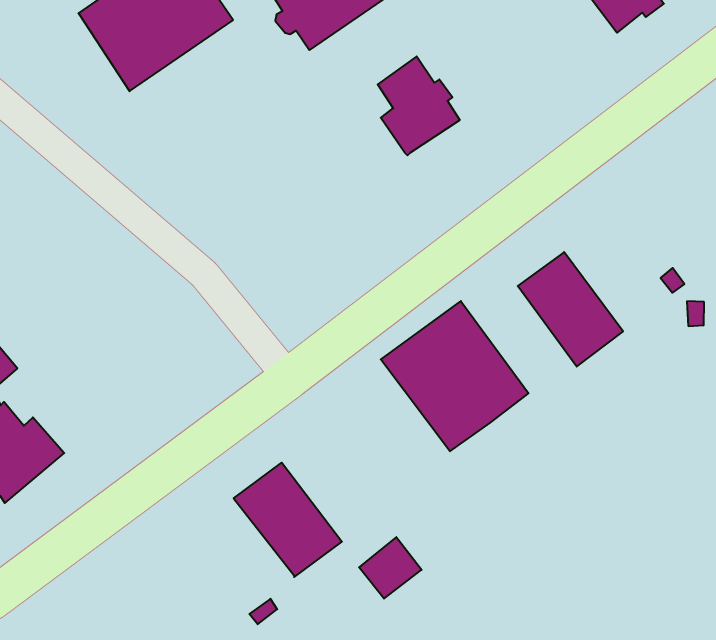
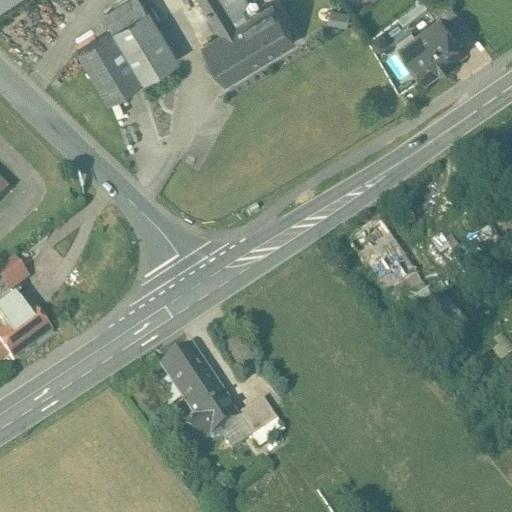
building: [378,56,460,155] -> none
building: [381,301,528,451] -> none
building: none -> [188,398,237,442]

